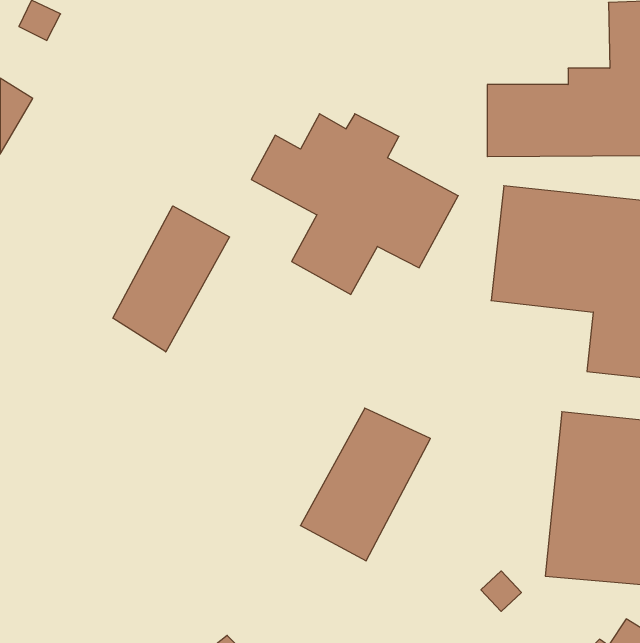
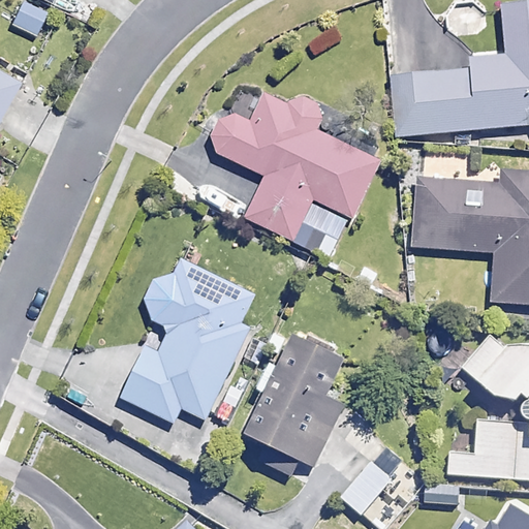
building: [113,206,230,352] -> none
building: none -> [118,260,251,425]
building: none -> [339,460,394,516]

